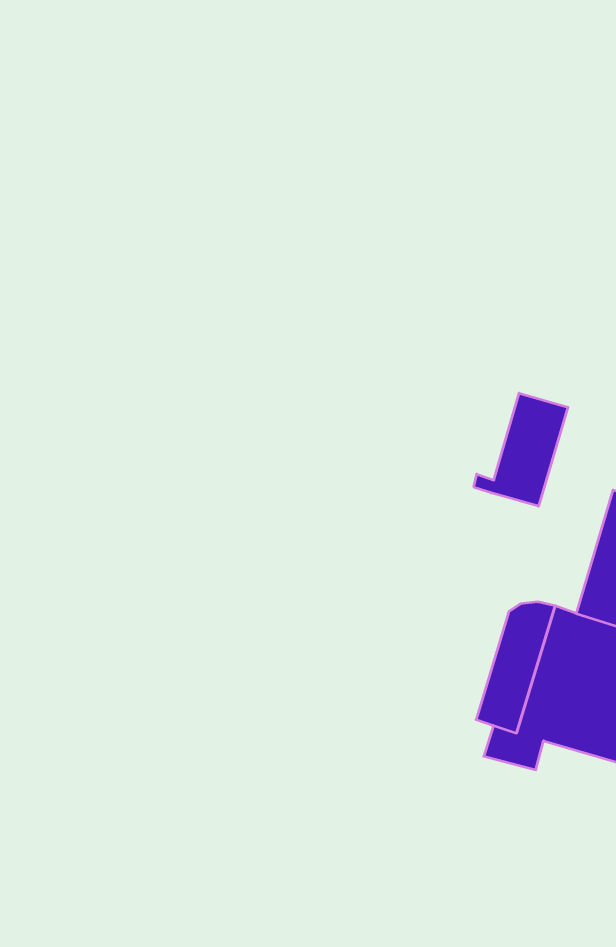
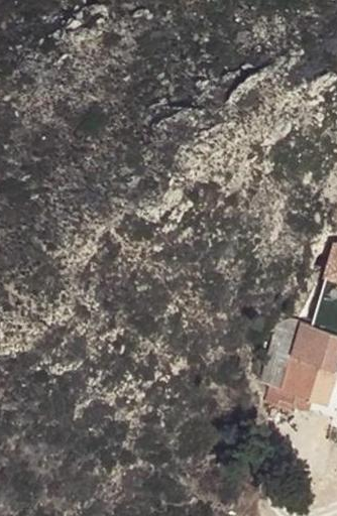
building: [474,393,568,506] -> none

